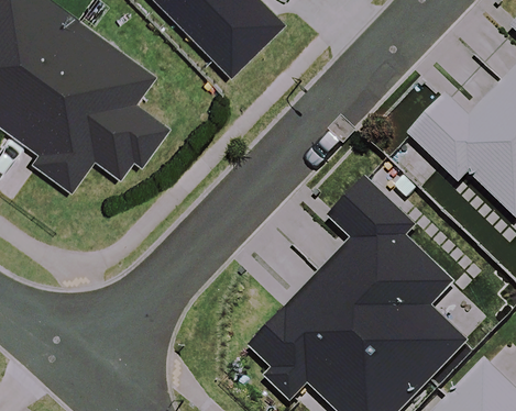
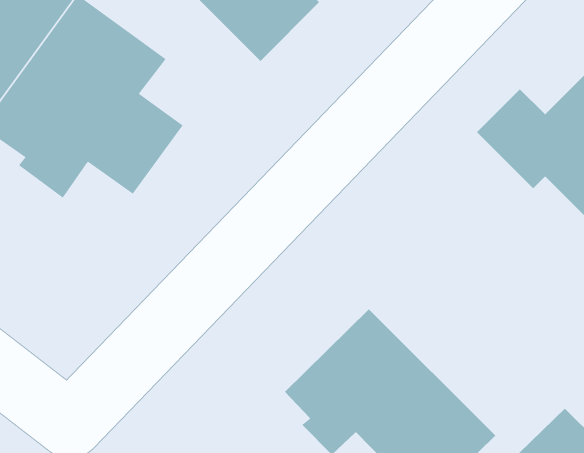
building: [316,178,466,384] -> none

